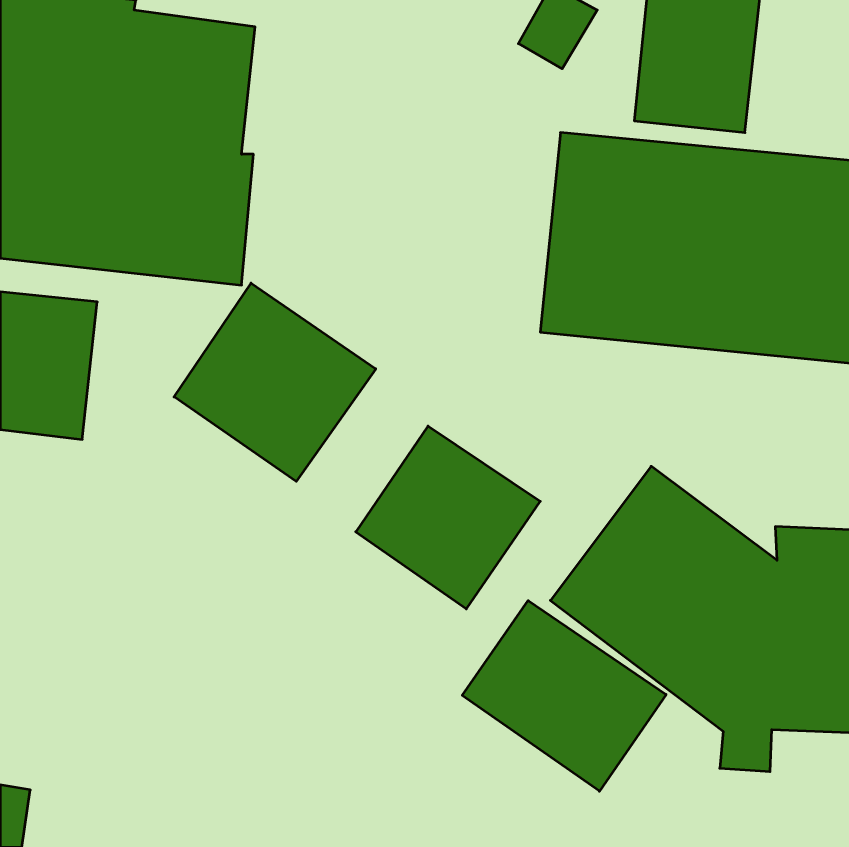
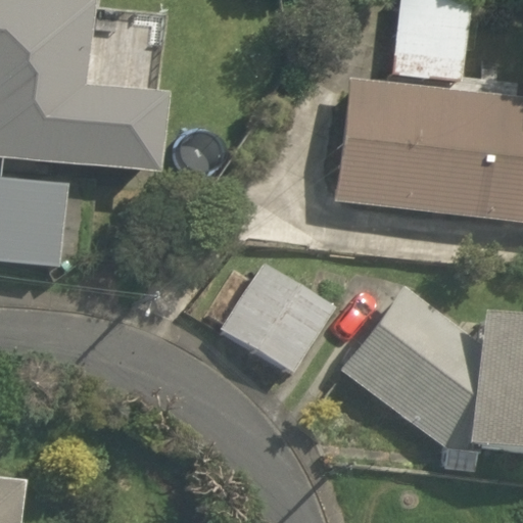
building: [174,283,376,481] -> none
building: [462,601,666,791] -> none

